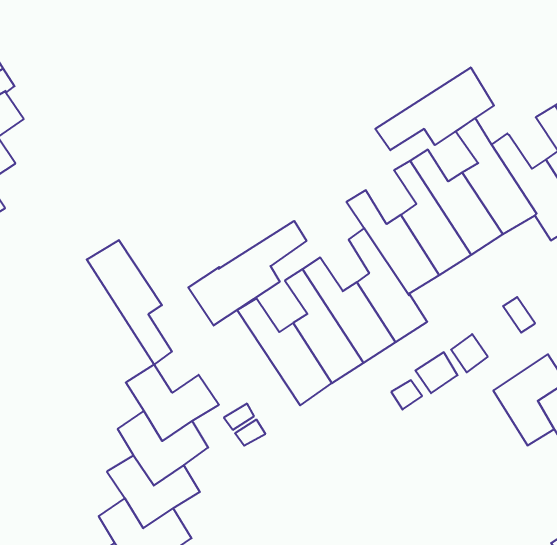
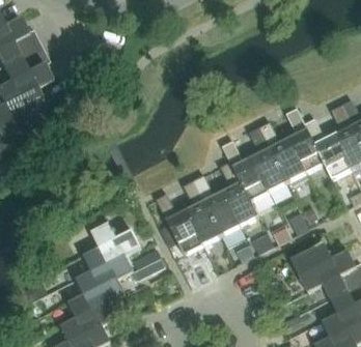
building: [375,67,494,150] -> none
building: [188,221,306,326] -> none
building: [87,240,172,364] -> none

